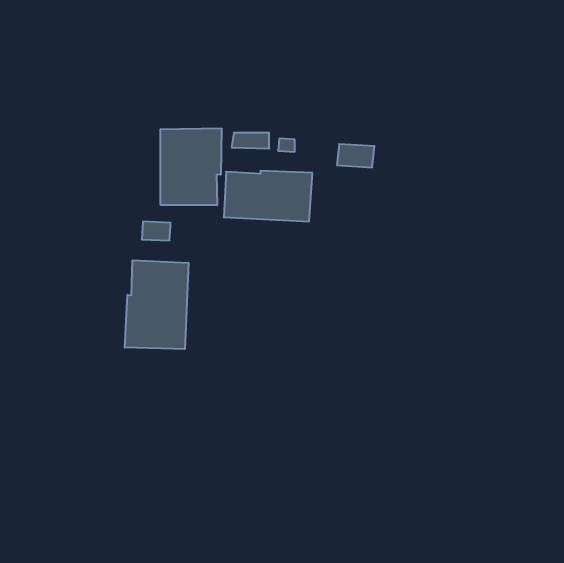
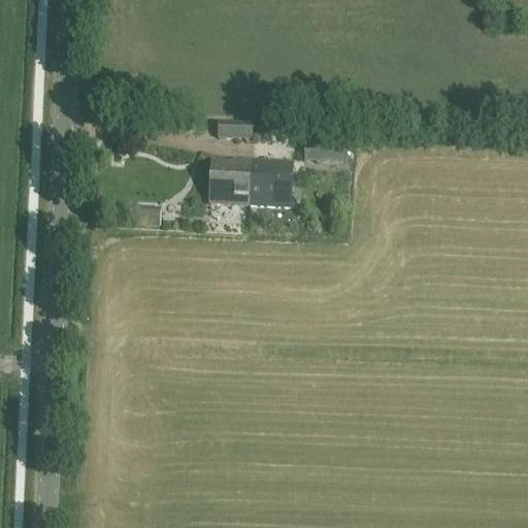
building: [161,128,221,205] -> none
building: [125,260,188,349] -> none

